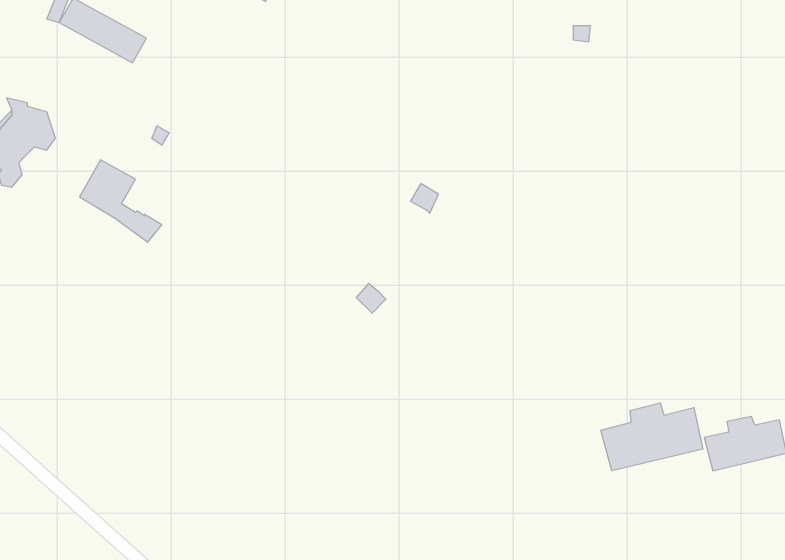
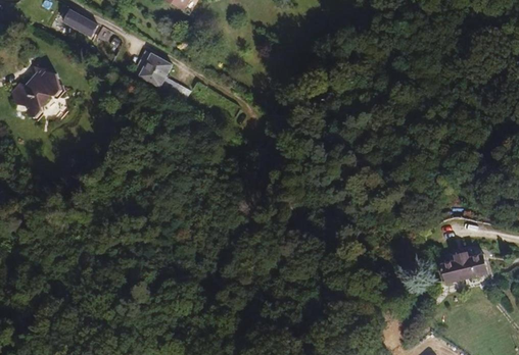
building: [80,160,162,242] -> [139,54,187,102]
building: [601,403,703,471] -> none

